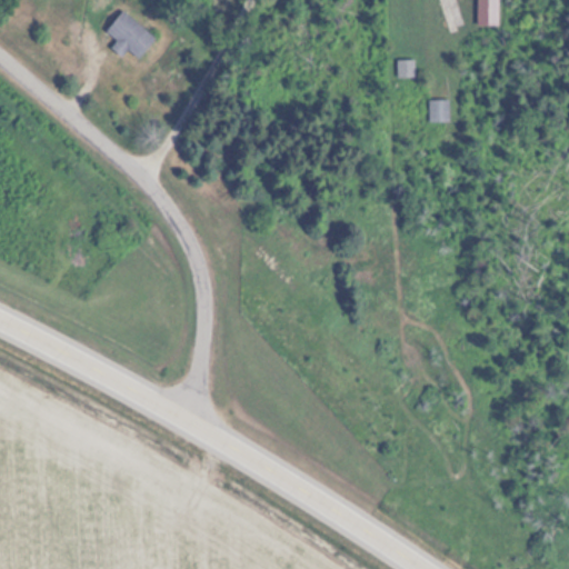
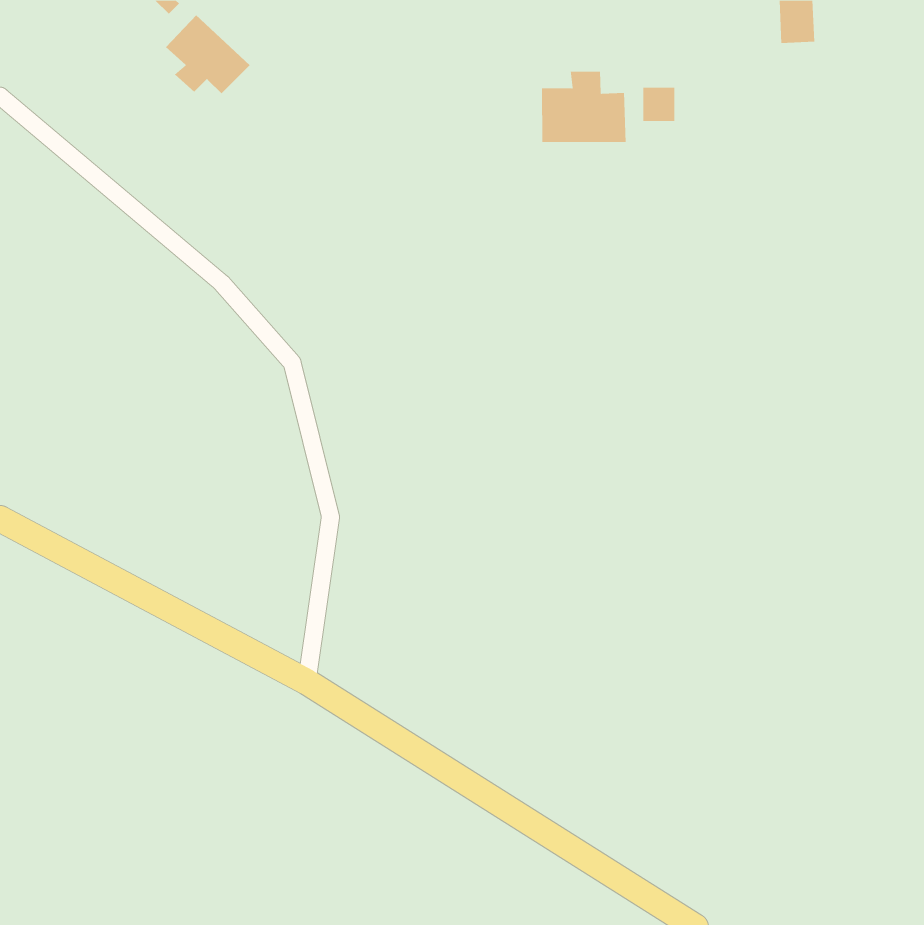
building: none -> [542,71,626,143]
building: [428,100,449,122] -> none

